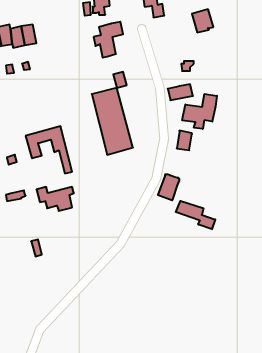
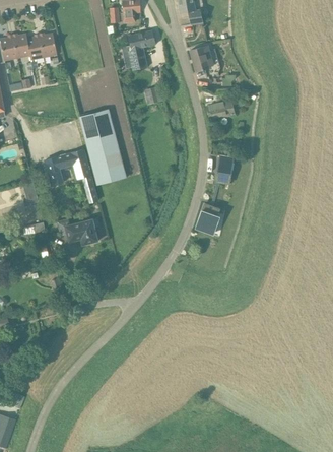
building: [192,9,213,32] -> [190,46,214,72]
building: [92,88,133,155] -> [79,110,126,186]
building: [182,94,217,129] -> none
building: [176,201,215,229] -> none

